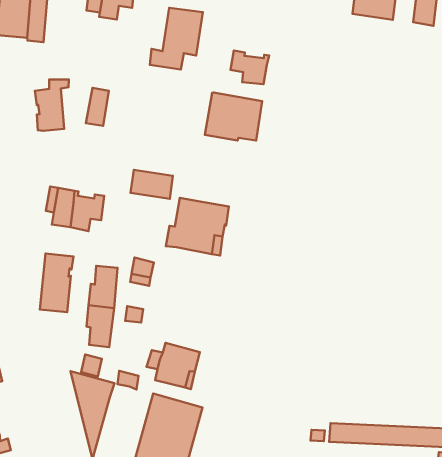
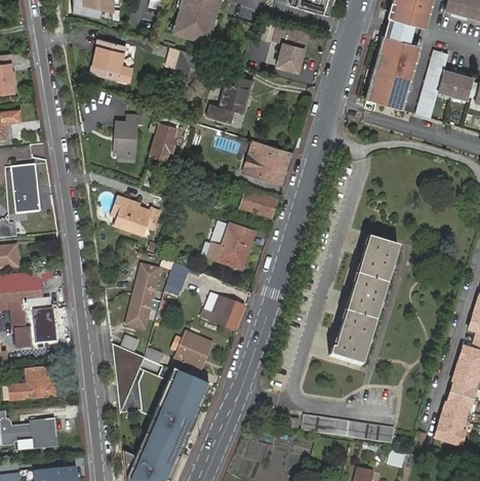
building: [231,51,269,84] -> none
building: [130,170,173,199] -> [240,191,275,217]
building: none -> [330,239,399,368]
building: [40,254,74,312] -> none
building: none -> [200,292,243,329]

